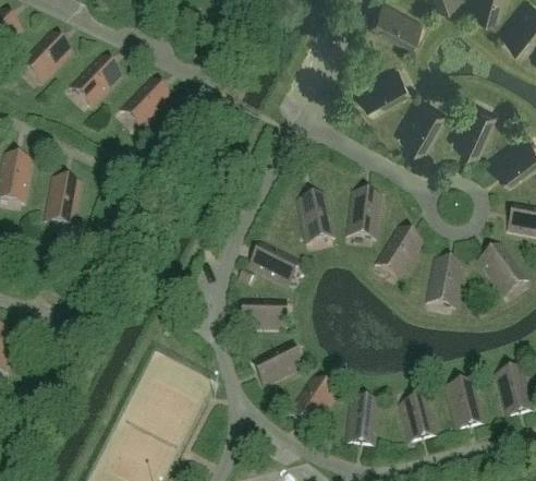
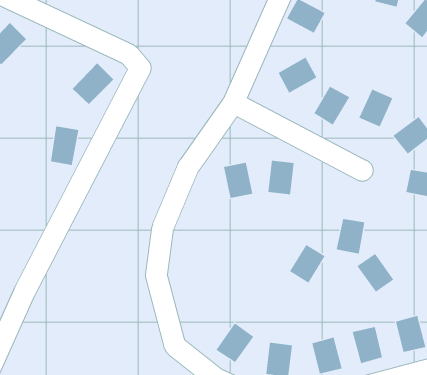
building: [73,56,121,105] -> none
building: [47,178,81,224] -> [50,126,79,165]
building: [380,227,423,273] -> [289,244,326,283]
building: [251,241,296,282] -> none
building: [480,244,524,290] -> [357,253,394,293]
building: [243,299,281,327] -> none
building: [253,344,299,385] -> none

